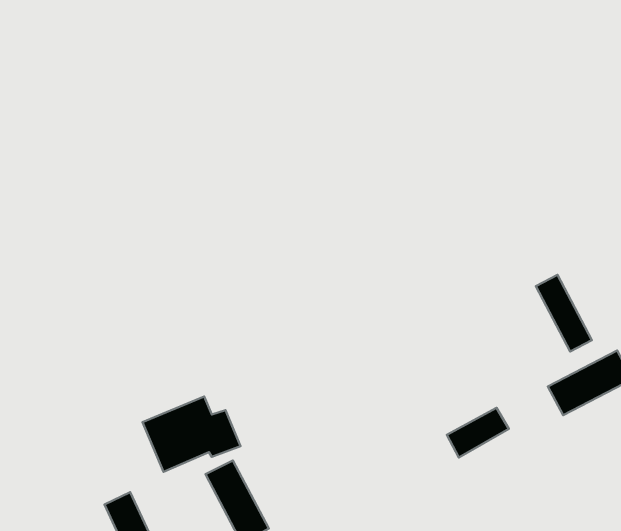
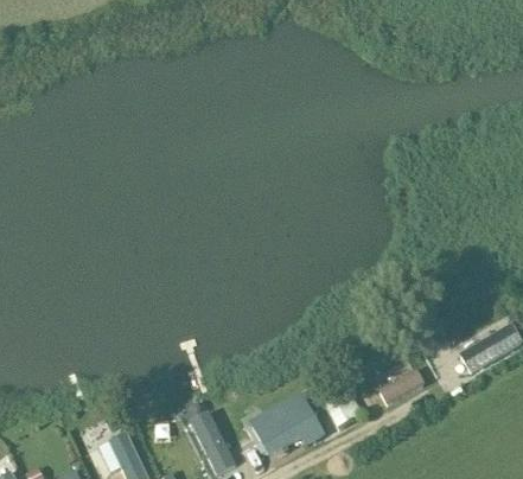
building: [536,275,592,351] -> none
building: [142,396,241,472] -> [247,396,324,455]

